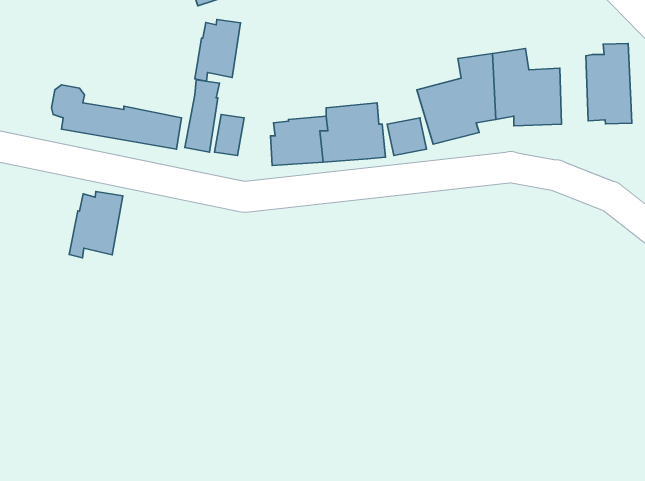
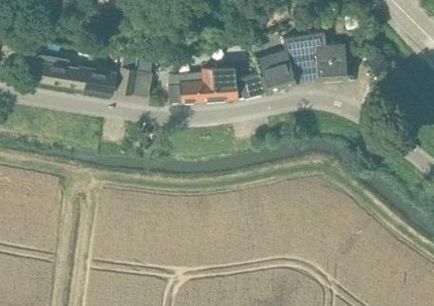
building: [195,20,240,81] -> none
building: [586,44,632,124] -> none
building: [69,191,123,258] -> none

